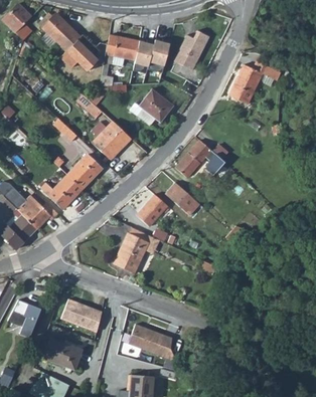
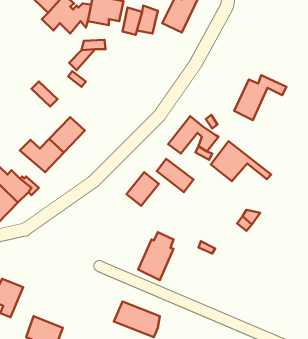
building: [232,62,283,106] -> [234,75,286,120]
building: [131,84,169,118] -> none
building: [87,118,127,158] -> none
building: none -> [211,141,271,181]
building: [116,232,150,278] -> [138,232,174,280]
building: [61,299,103,333] -> none

